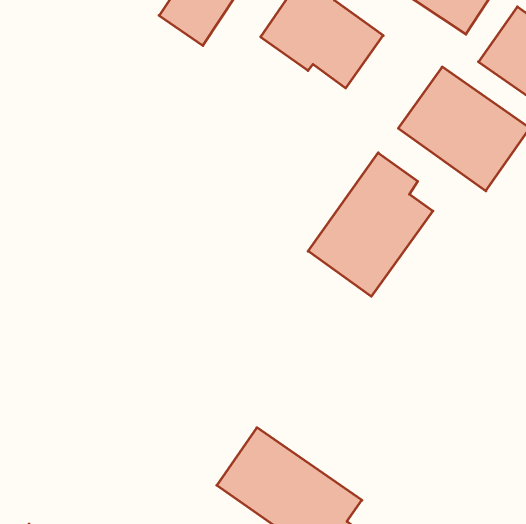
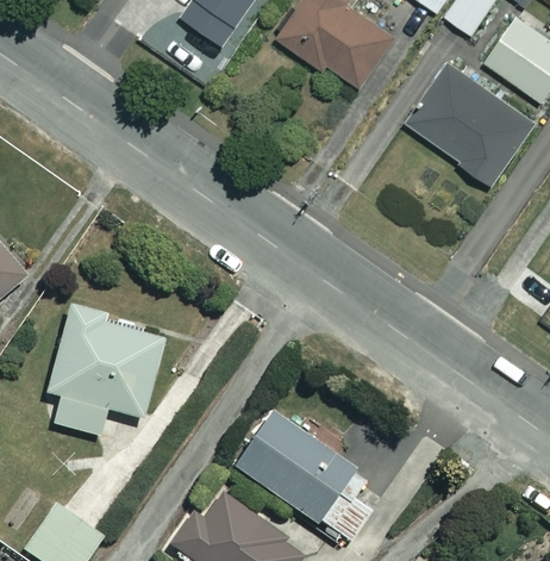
building: [308,153,433,296] -> none
building: none -> [48,305,167,436]

